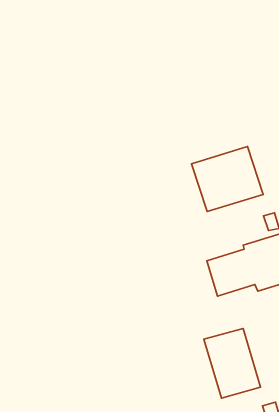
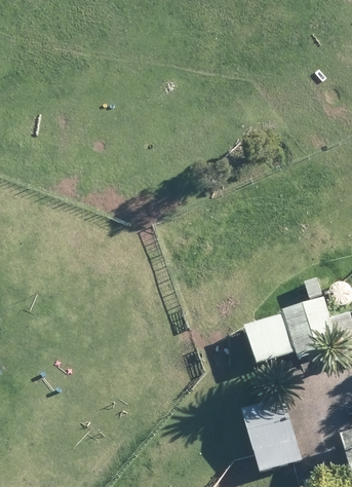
building: [192,147,263,212] -> none

